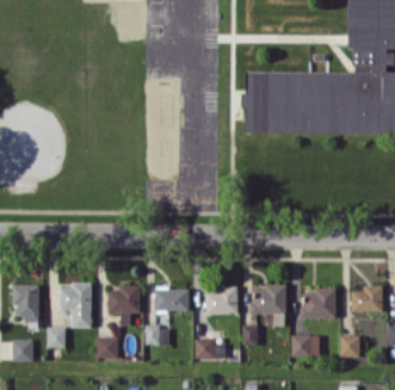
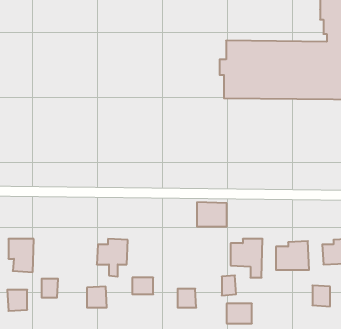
building: [58,283,90,328] -> none
building: [153,289,189,311] -> none
building: [204,289,236,315] -> [197,202,227,227]
building: [290,335,317,357] -> [227,304,252,323]

